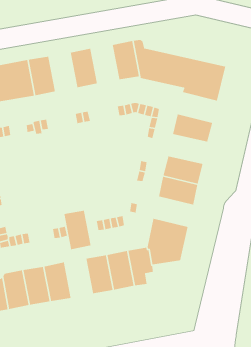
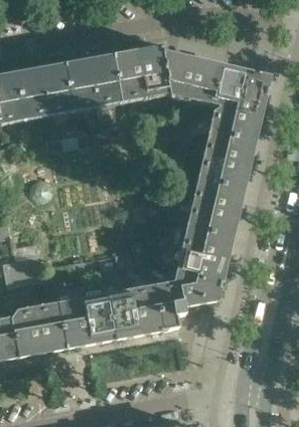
building: none -> [113,51,145,96]
building: none -> [64,60,97,105]
building: none -> [212,106,259,141]
building: none -> [201,155,248,188]
building: none -> [184,226,232,260]
building: [64,210,92,250] -> [83,296,115,343]

